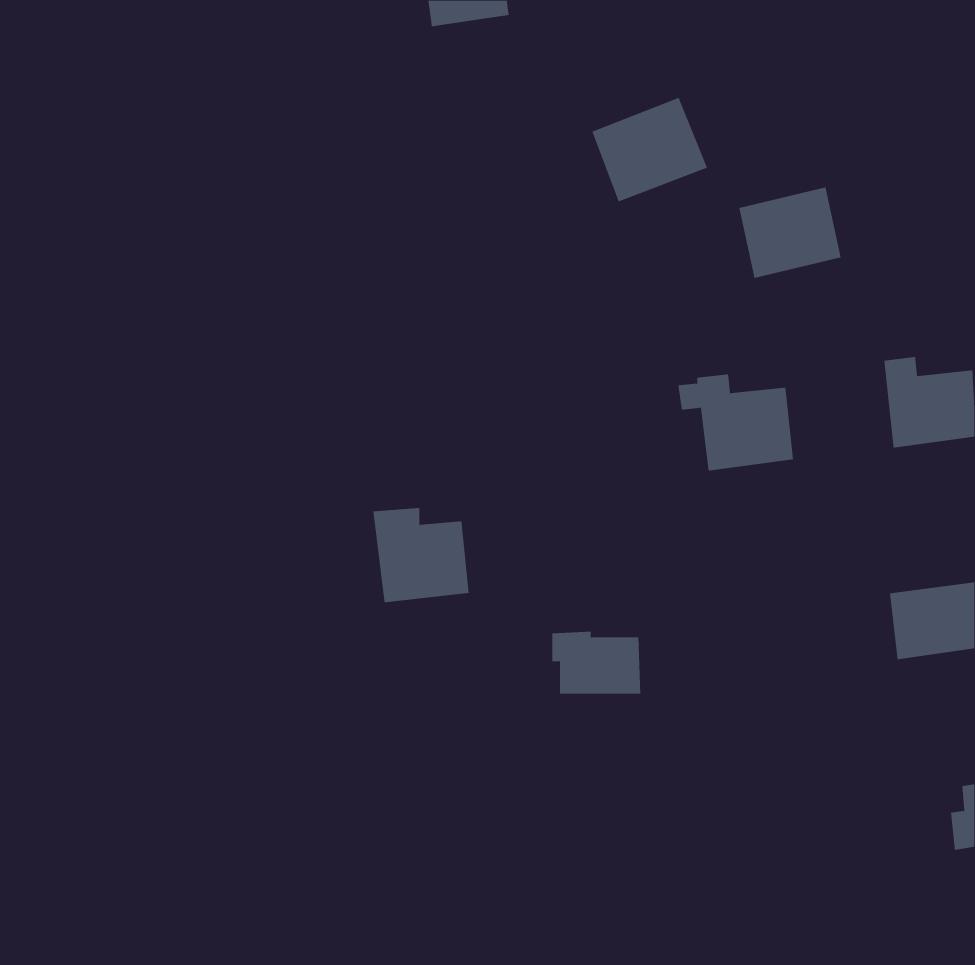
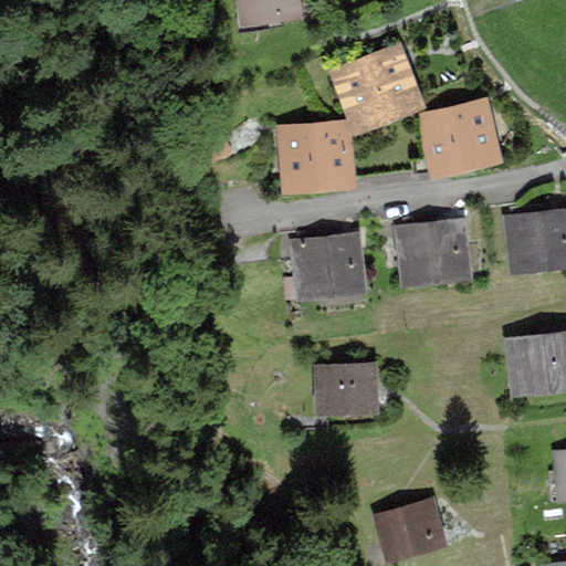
building: none -> [287,137,344,182]
building: [372,507,470,603] -> [298,237,355,292]
building: none -> [380,510,433,556]

